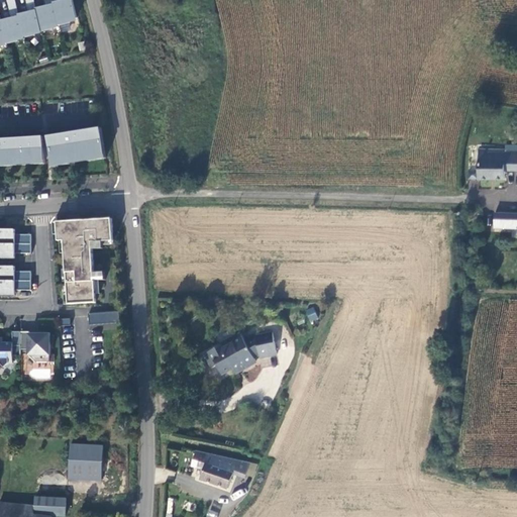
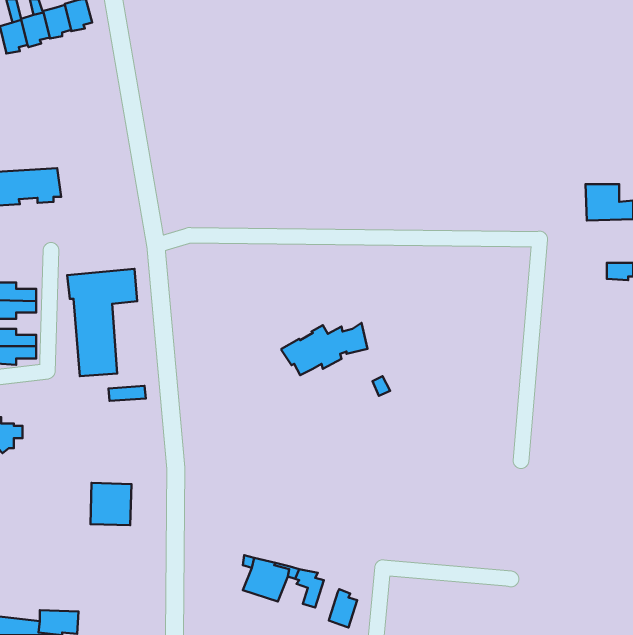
building: [46,127,104,167] -> none
building: [204,331,274,374] -> [282,323,368,375]
building: [18,332,48,363] -> none
building: [68,442,101,477] -> [90,483,132,525]
building: none -> [329,589,357,627]

